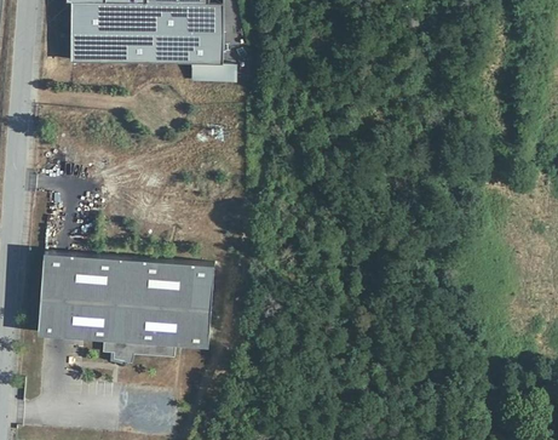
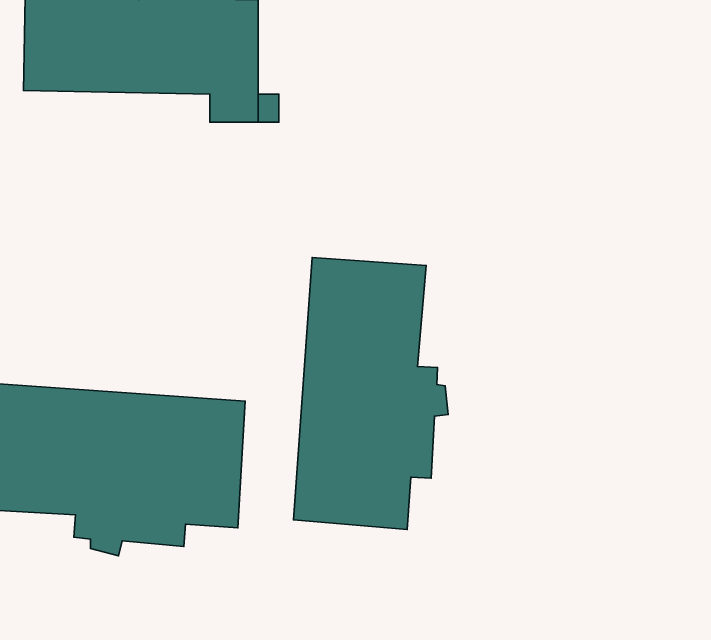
building: none -> [293,258,448,529]

